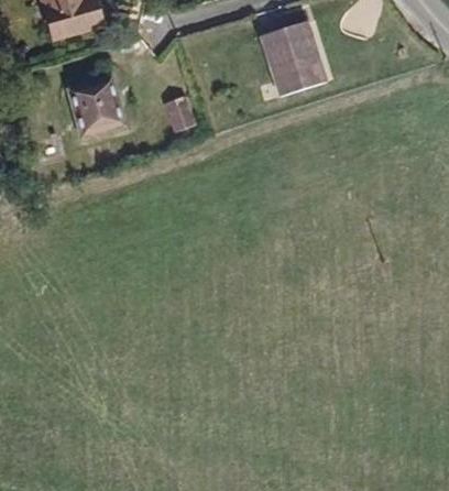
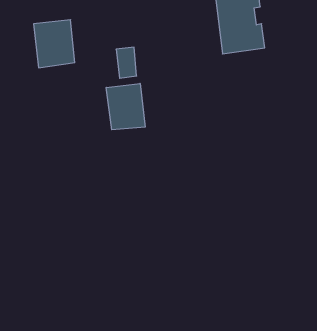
building: none -> [106,83,145,130]

